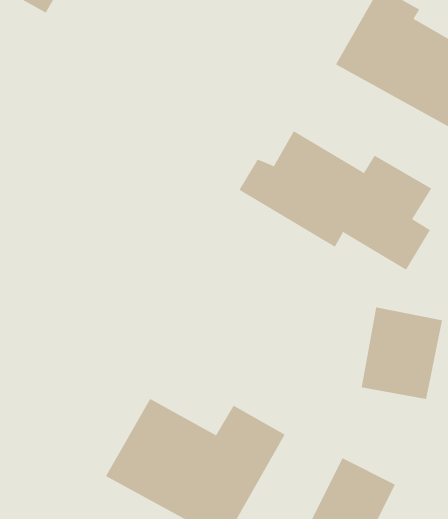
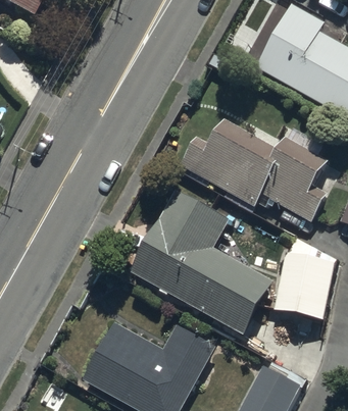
building: none -> [129,185,275,332]

